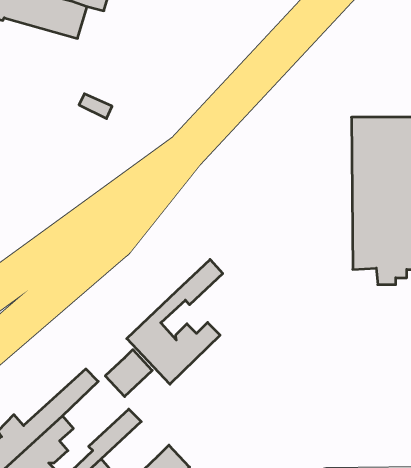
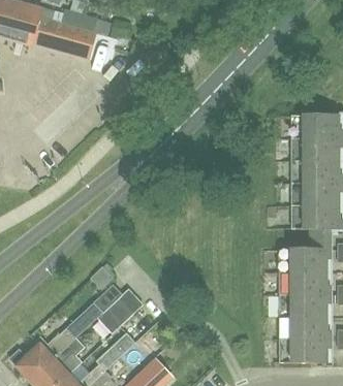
building: [127,259,223,384] -> none
building: none -> [279,250,326,363]

